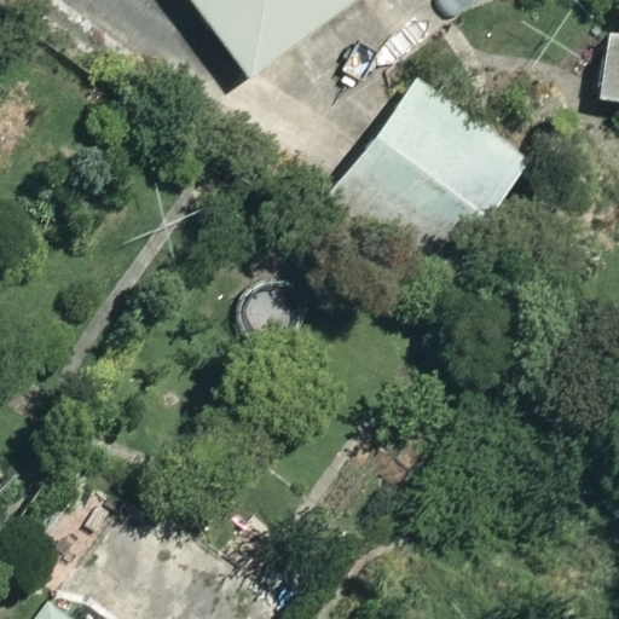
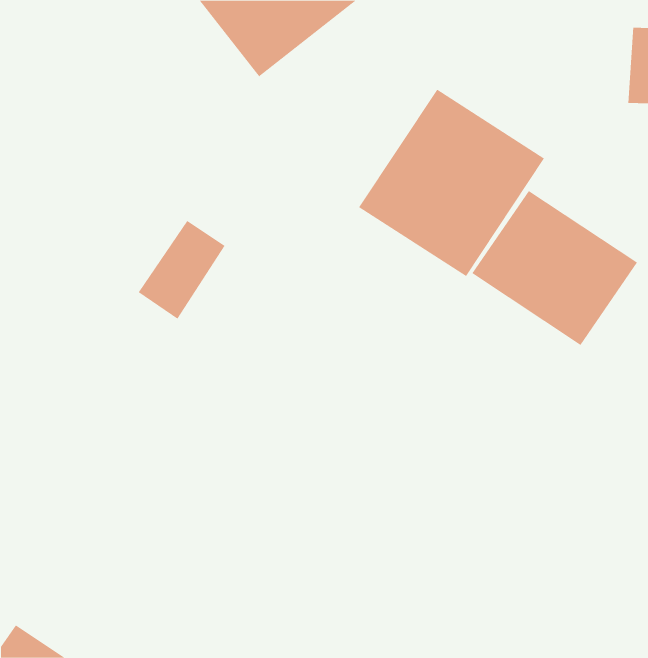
building: none -> [471,190,638,346]

